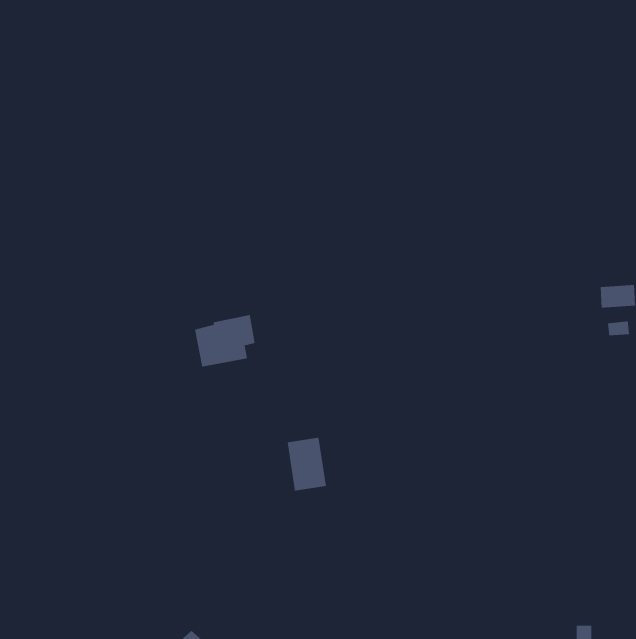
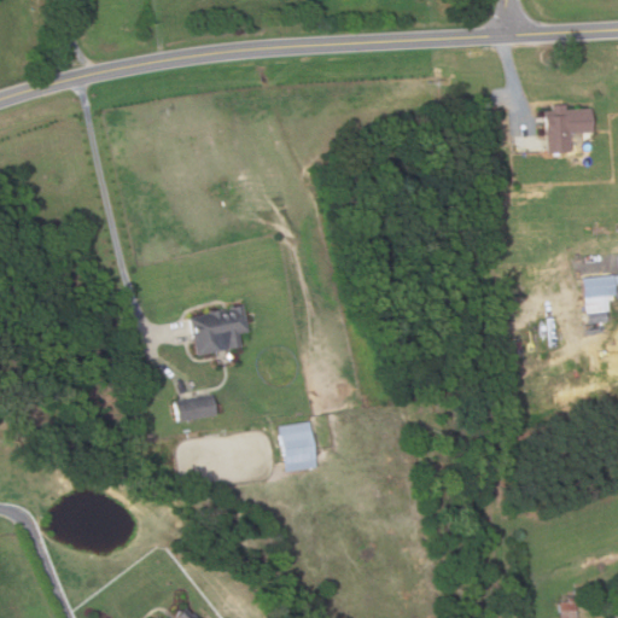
building: none -> [543,104,593,153]
building: none -> [175,393,218,422]

